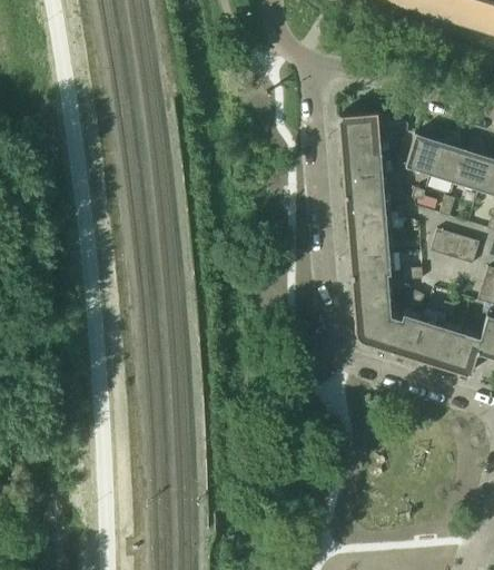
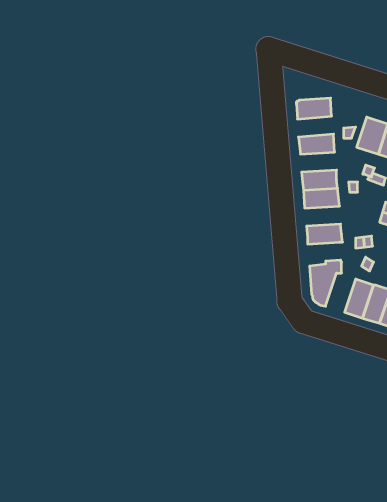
building: [344,134,384,157] -> none
building: [347,174,387,196] -> none
building: [352,234,392,256] -> none
building: [355,274,392,301] -> none
building: [375,308,406,352] -> none

